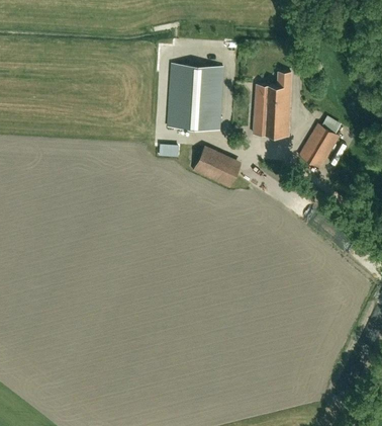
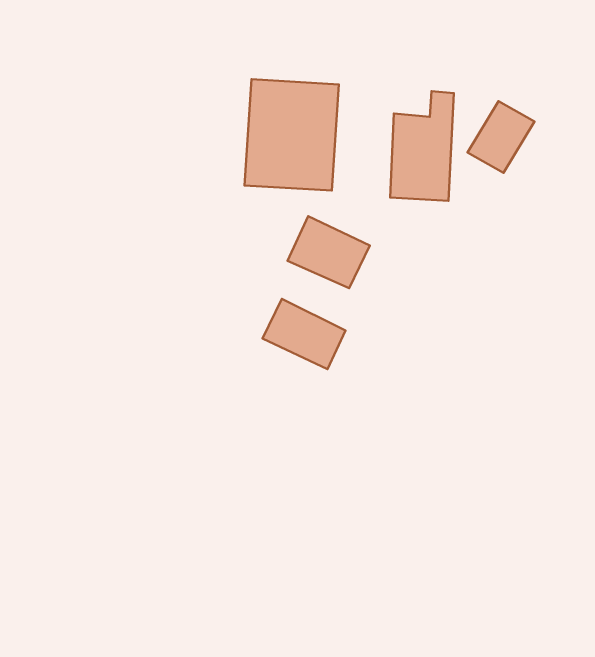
building: [299,125,339,168] -> [468,101,534,173]
building: none -> [262,299,345,369]

